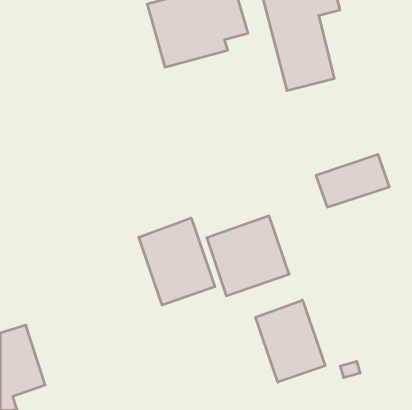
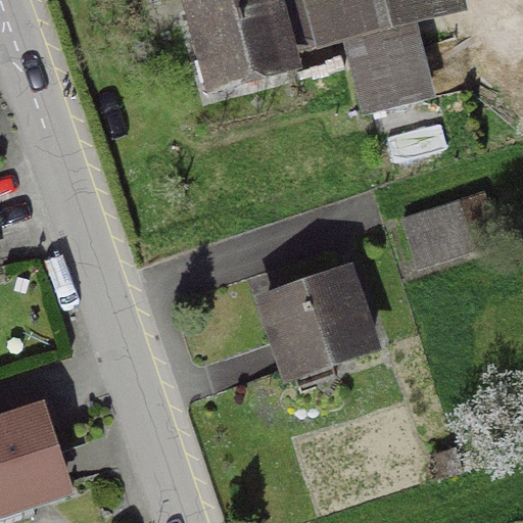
building: [139,218,215,305] -> none
building: [256,300,325,382] -> none

